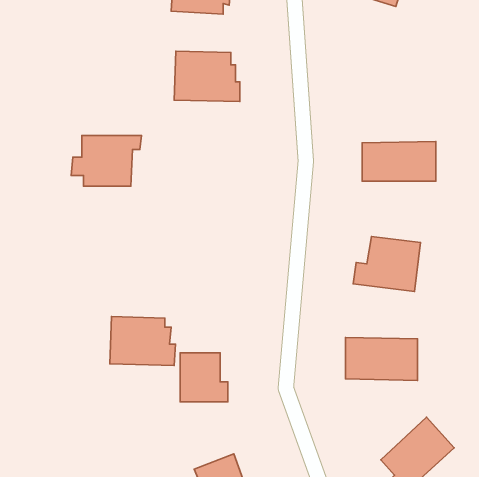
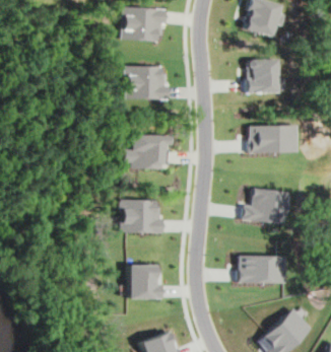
building: none -> [247,59,286,92]
building: [71,136,142,186] -> [124,135,171,168]
building: [110,316,176,365] -> [121,200,164,232]

